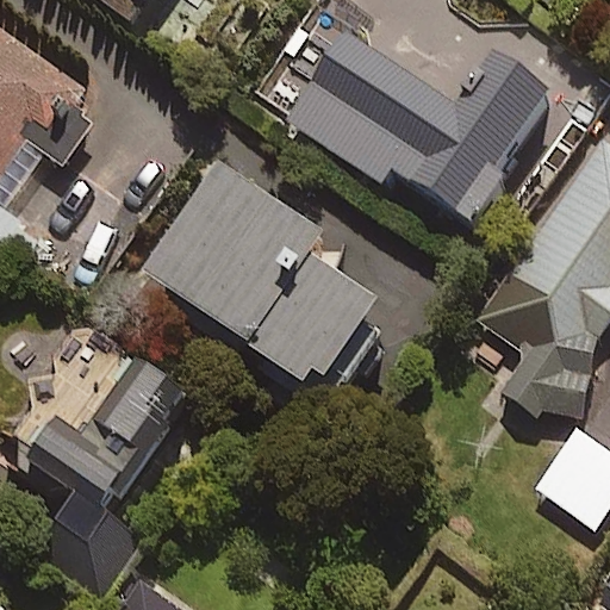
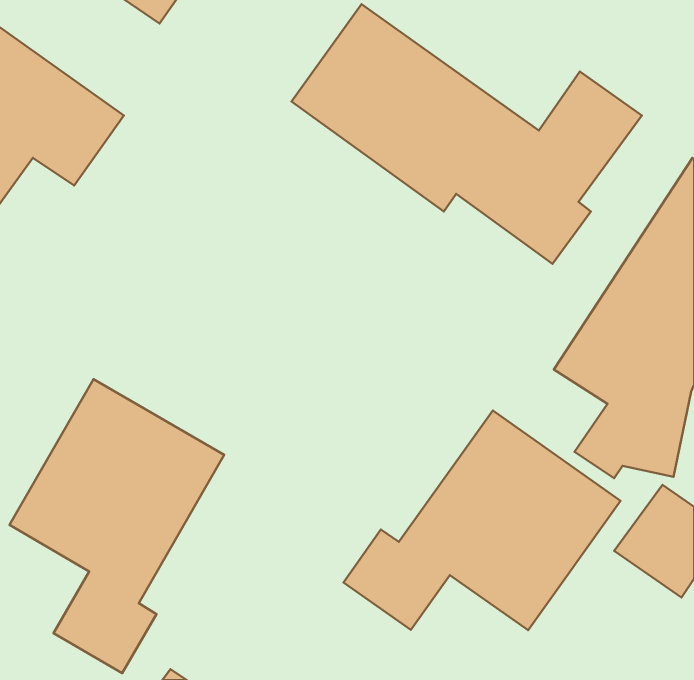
building: [154,163,396,409] -> none
building: none -> [344,410,620,630]

